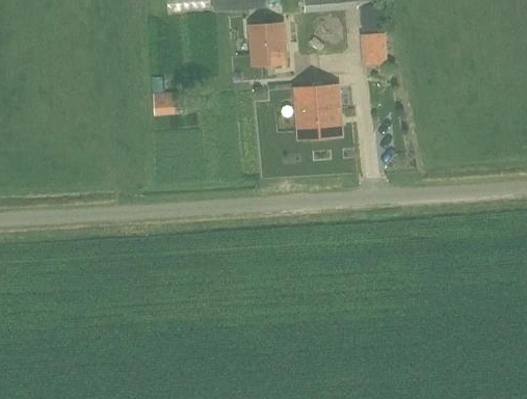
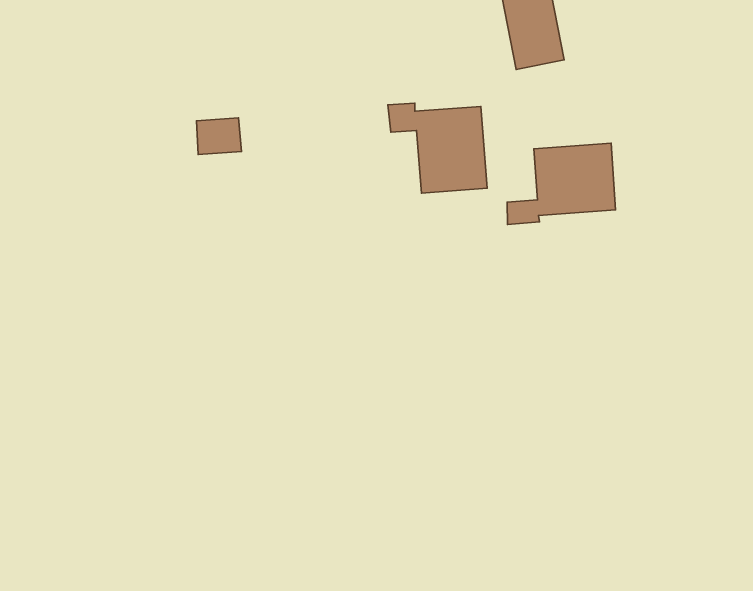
building: [249,23,286,66] -> none
building: none -> [507,143,616,224]

